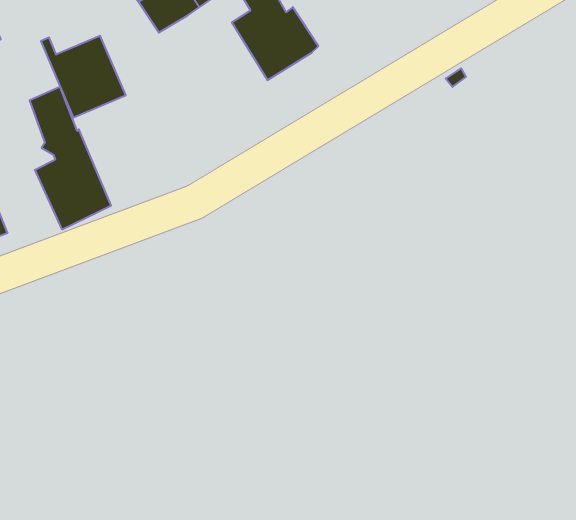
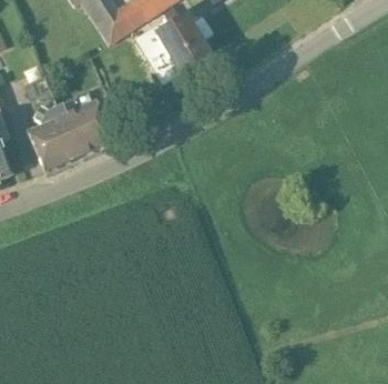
building: [41,36,126,117] -> [58,101,113,154]

